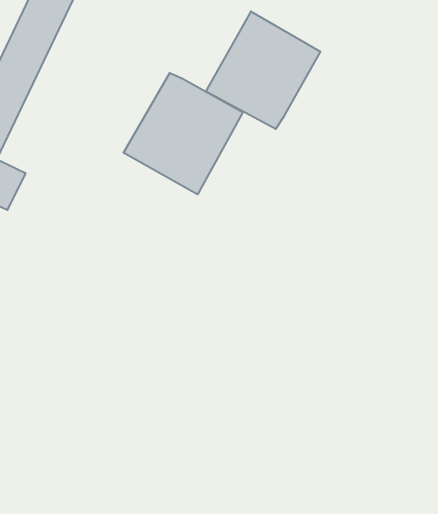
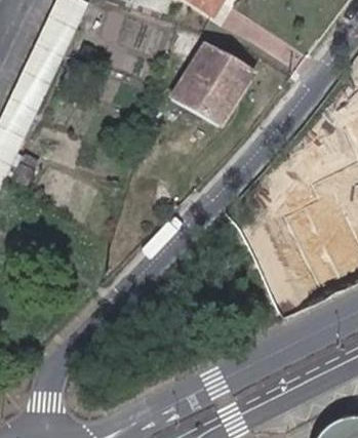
building: [123,73,243,194] -> none

